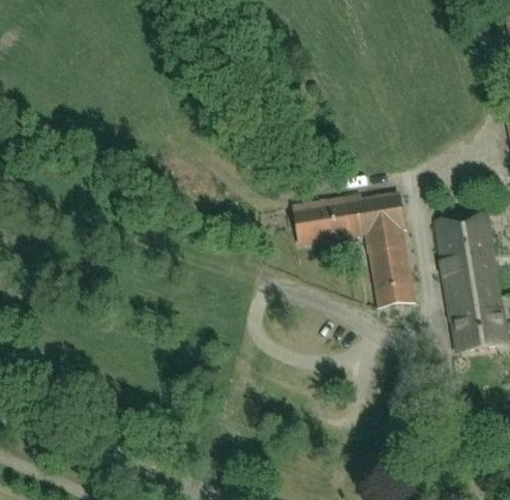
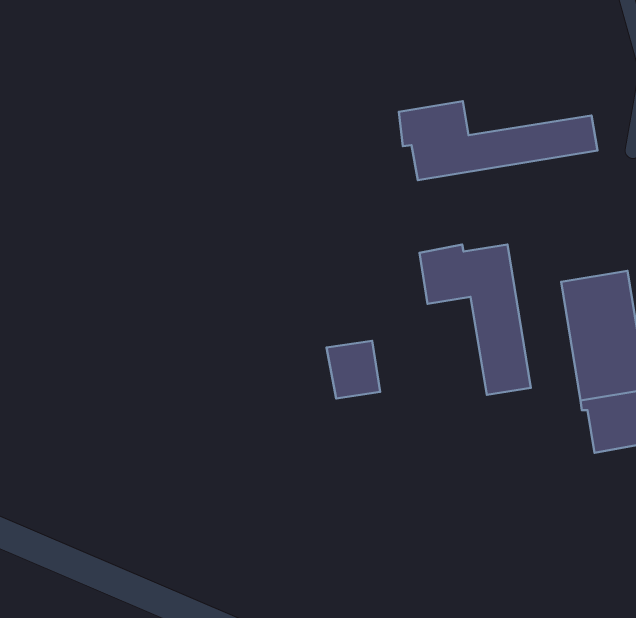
building: none -> [399,101,598,180]
building: [296,200,336,243] -> [327,341,380,399]

